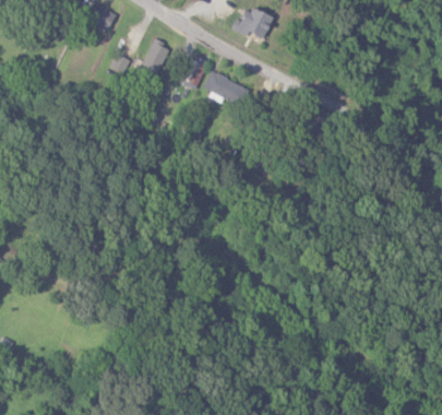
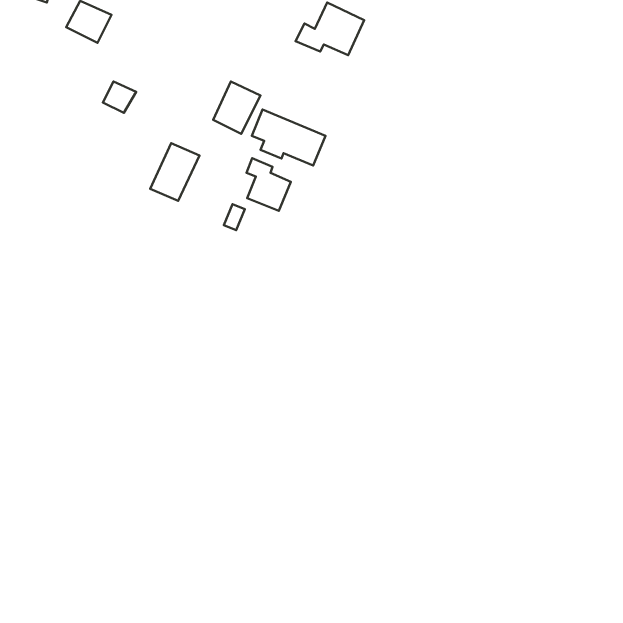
building: [140,42,170,78] -> [150,143,199,201]
building: none -> [247,158,291,211]

